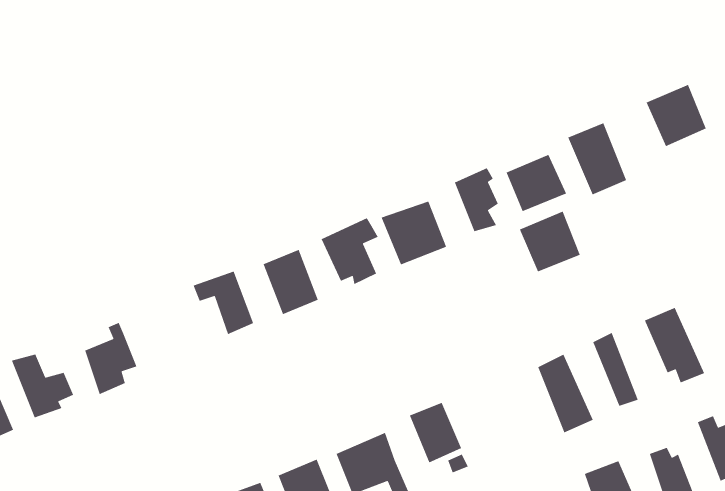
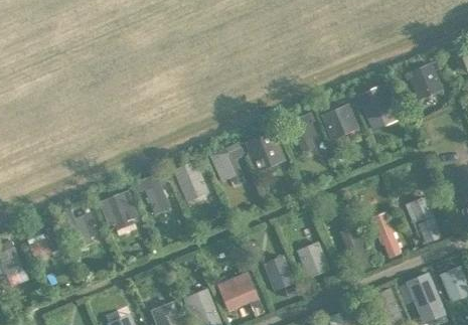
building: [519,211,581,273] -> none
building: none -> [100,191,139,229]
building: none -> [298,243,330,278]

